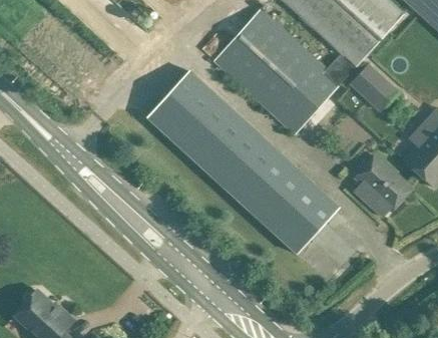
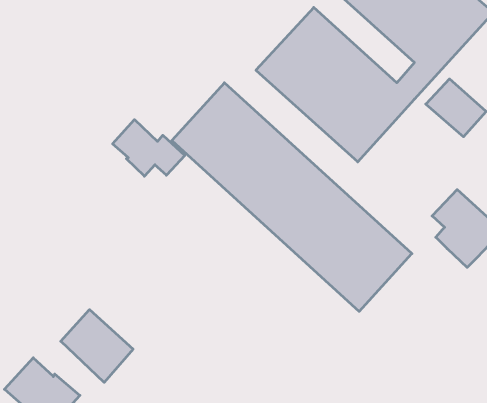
building: none -> [113,120,185,176]
building: none -> [61,310,133,382]

